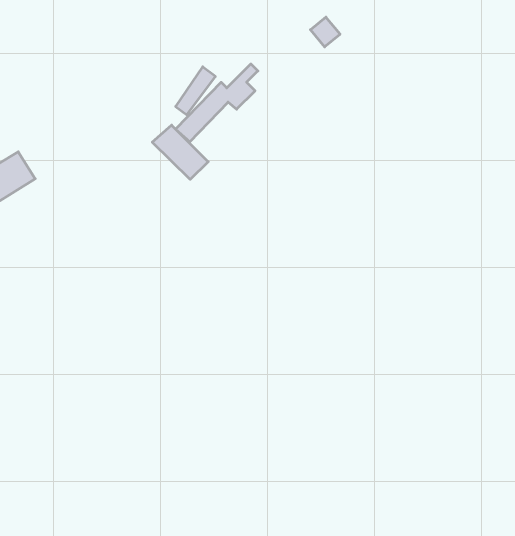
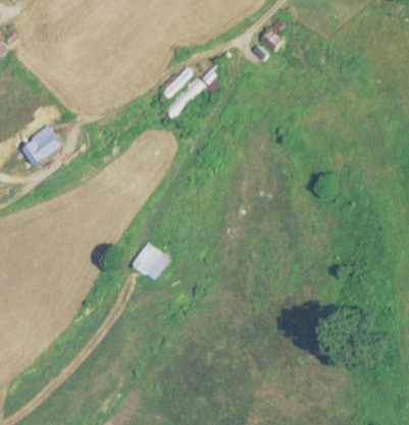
building: [152,125,208,179] -> none
building: none -> [132,243,170,281]

